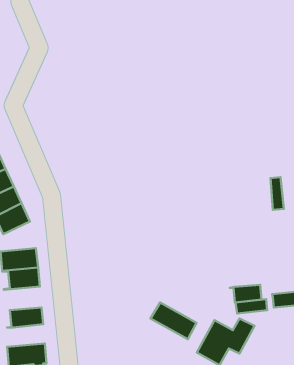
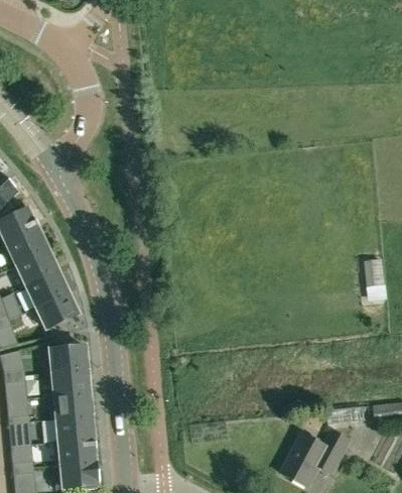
building: [230,285,262,303] -> none
building: none -> [47,391,93,419]
building: [150,303,197,339] -> none
building: none -> [51,437,97,464]

